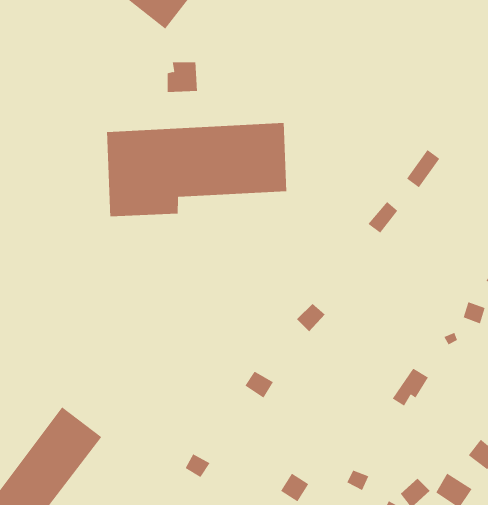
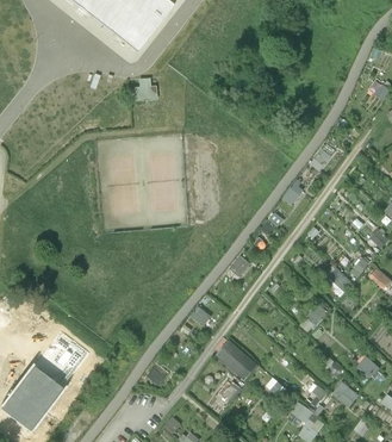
building: [106,122,287,217] -> none
building: none -> [216,340,259,381]

